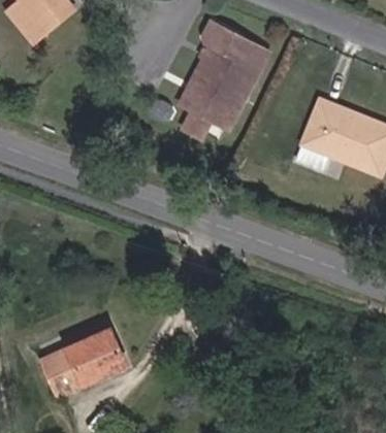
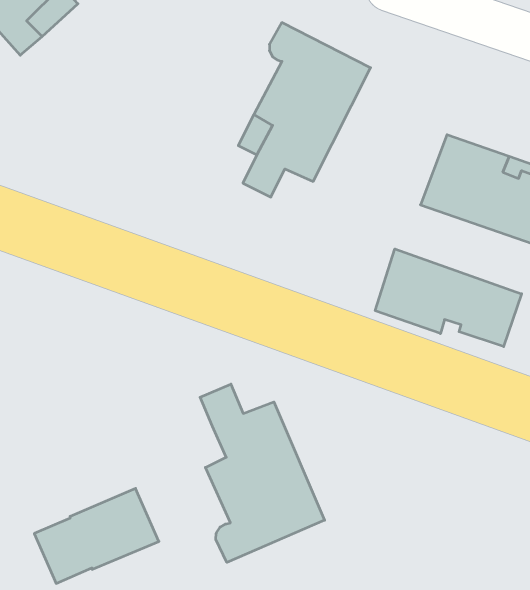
building: none -> [375,249,522,347]
building: none -> [200,384,325,562]

